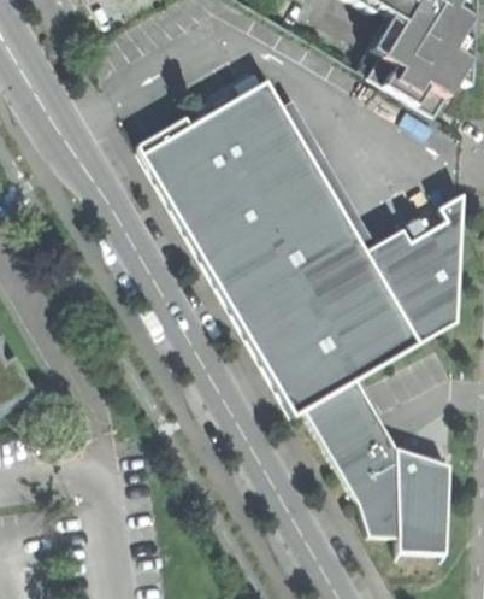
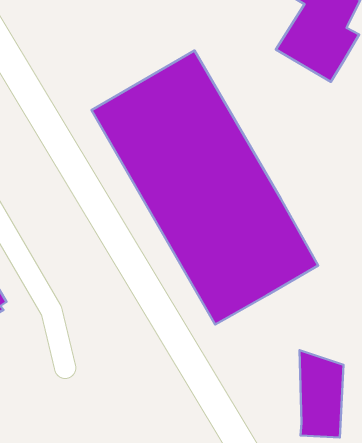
building: [373,190,464,340] -> none
building: [303,376,399,533] -> none

